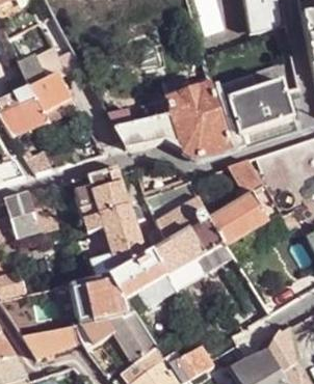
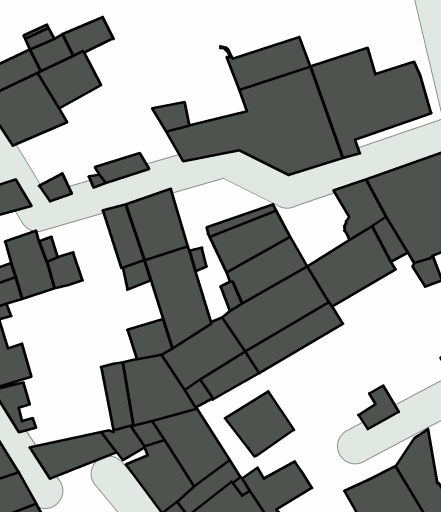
building: none -> [225,391,294,456]

